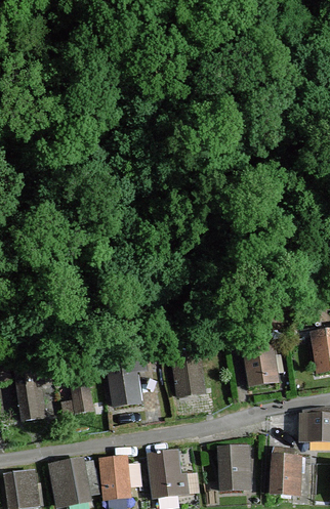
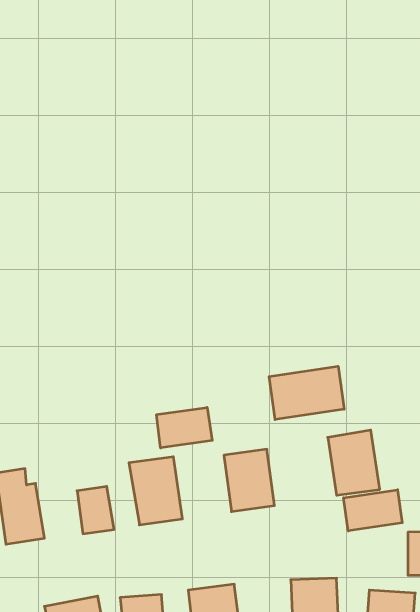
building: none -> [269,366,344,420]
building: none -> [157,407,212,448]
building: none -> [344,490,402,531]

